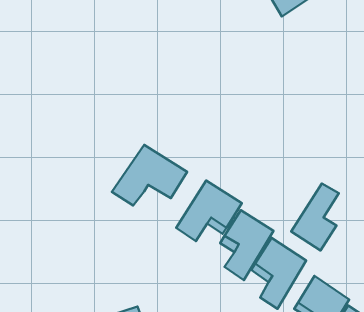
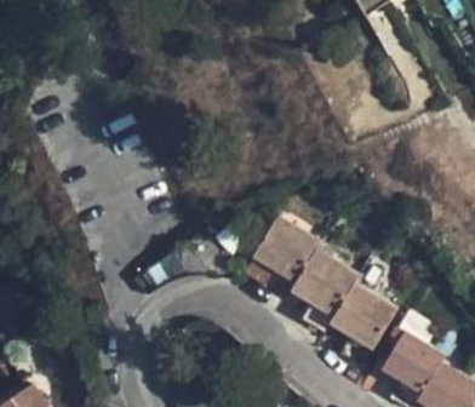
building: [112,145,187,206] -> none
building: [291,183,339,250] -> none

